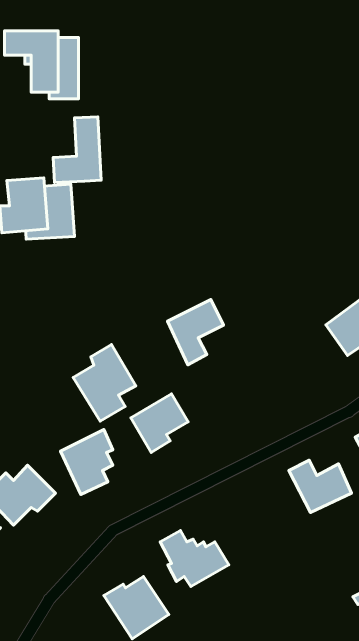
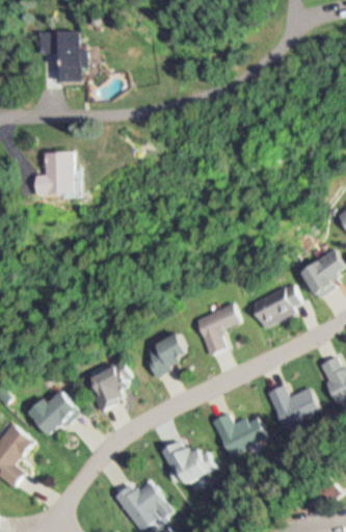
building: [53,117,101,183] -> none
building: [167,300,224,365] -> [194,300,240,353]
building: none -> [251,280,300,321]
building: [73,345,136,421] -> none
building: none -> [216,411,268,452]

